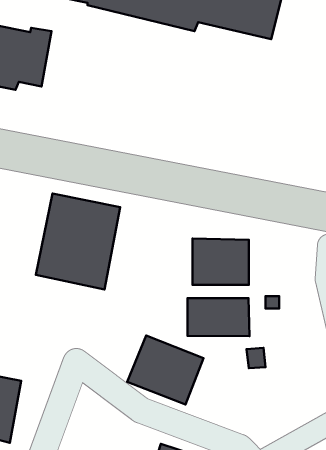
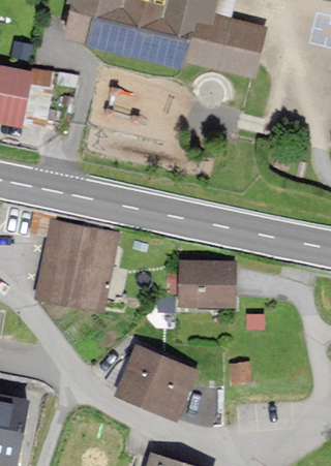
building: [188,298,250,336] -> none

